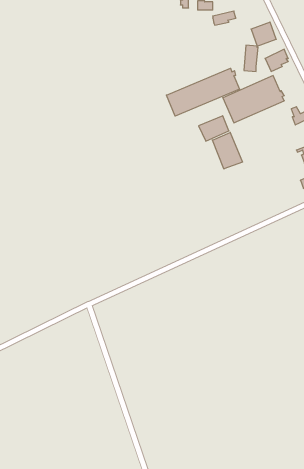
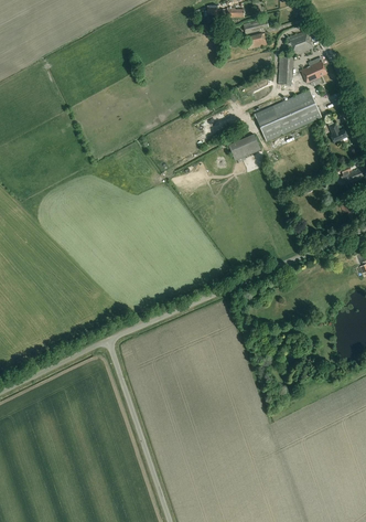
building: [166,68,239,116] -> none
building: [212,132,243,169] -> none

